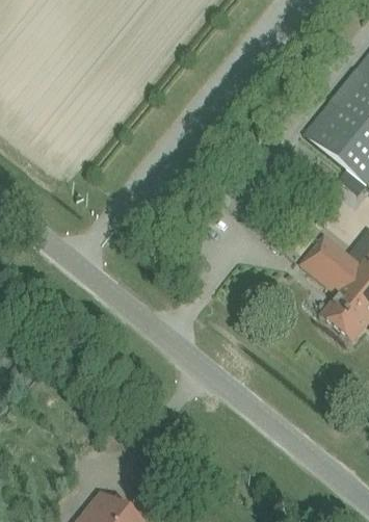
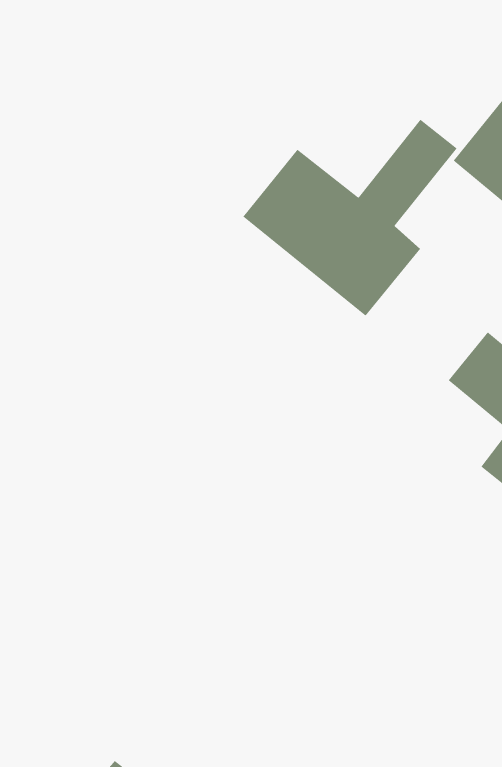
building: none -> [243,119,457,317]

